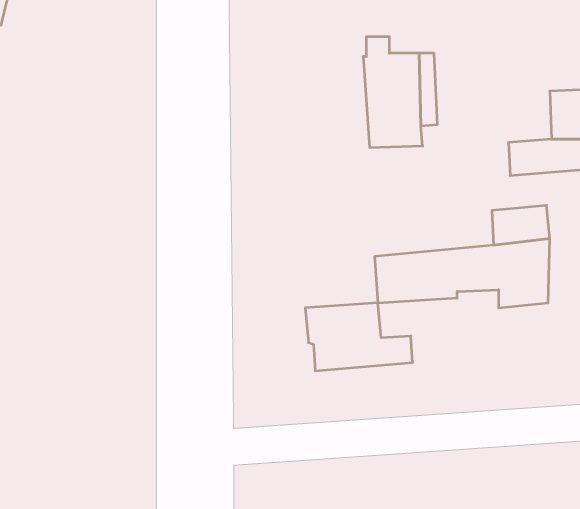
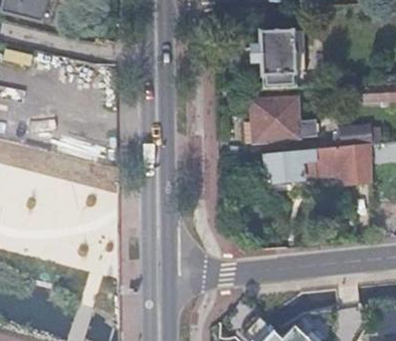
building: [305,303,413,371] -> [252,103,318,144]

